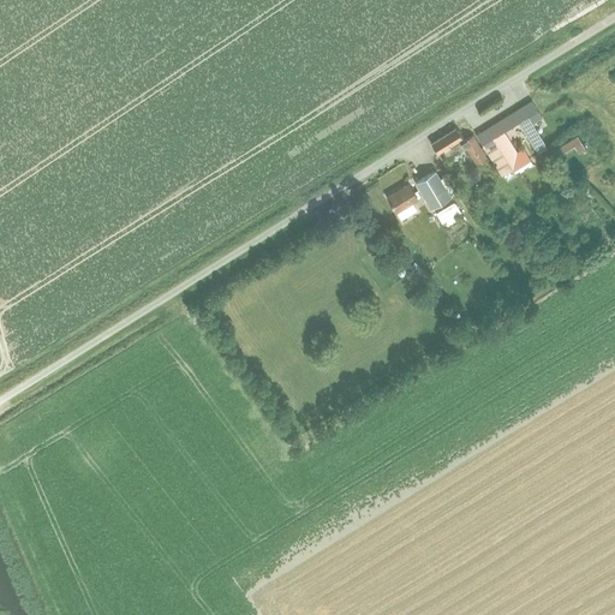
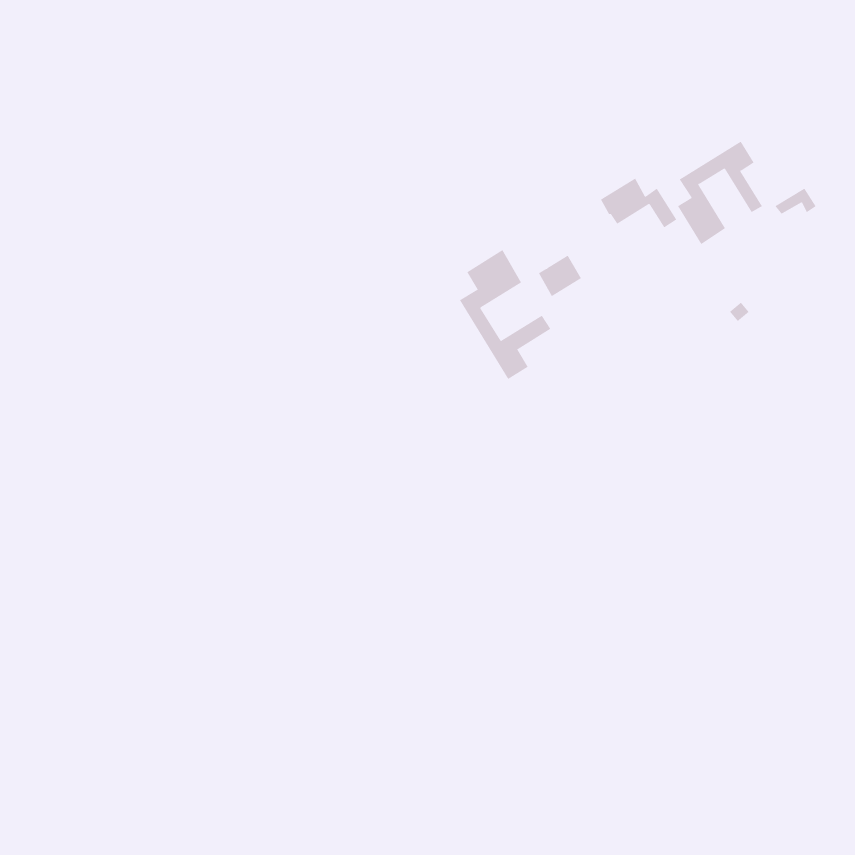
building: [416,172,450,209] -> none
building: none -> [459,249,551,380]

